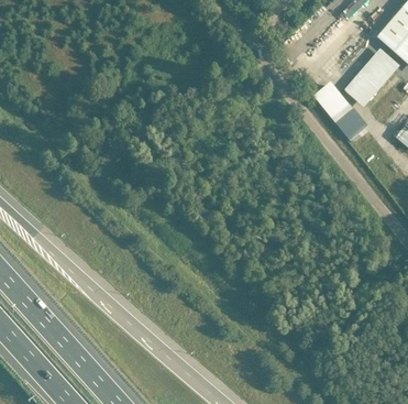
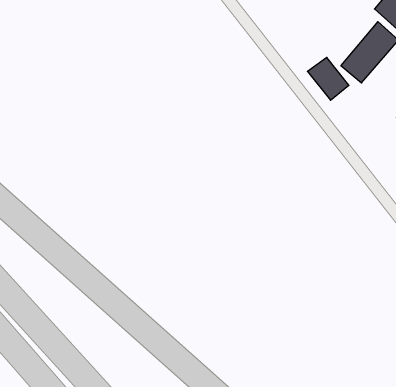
building: [334,106,367,139] -> none

